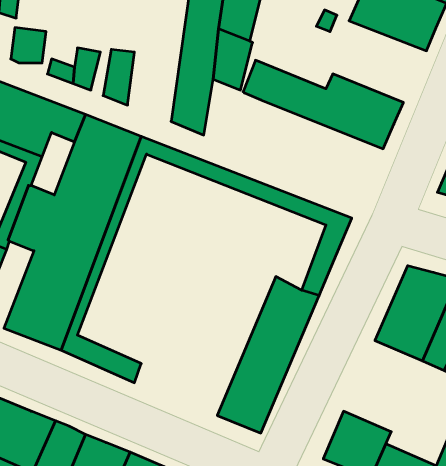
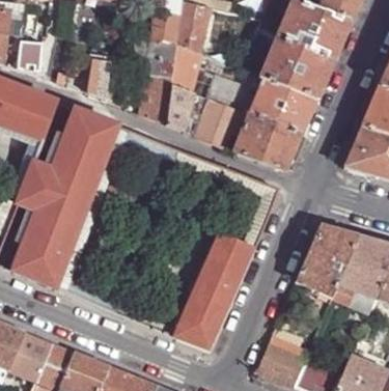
building: none -> [259,36,335,99]
building: none -> [165,81,196,130]
building: none -> [196,96,302,169]

